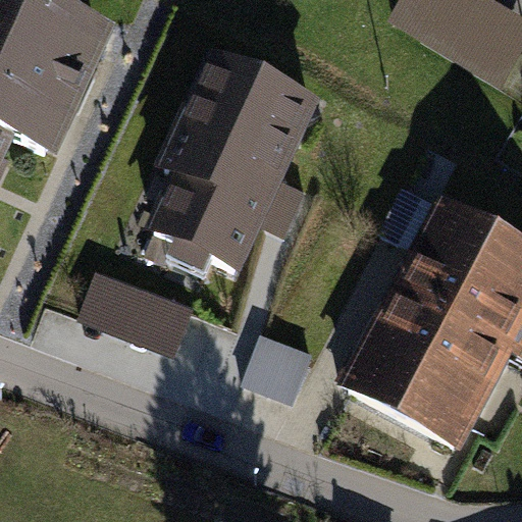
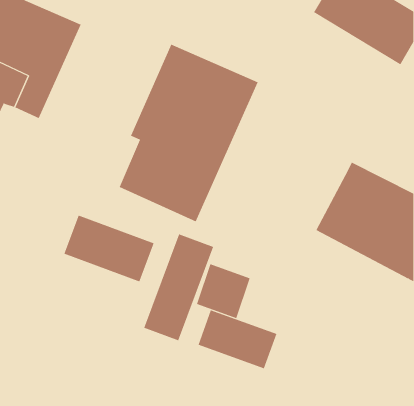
building: [342,289,512,452] -> none
building: none -> [143,233,214,341]
building: none -> [198,310,277,369]

